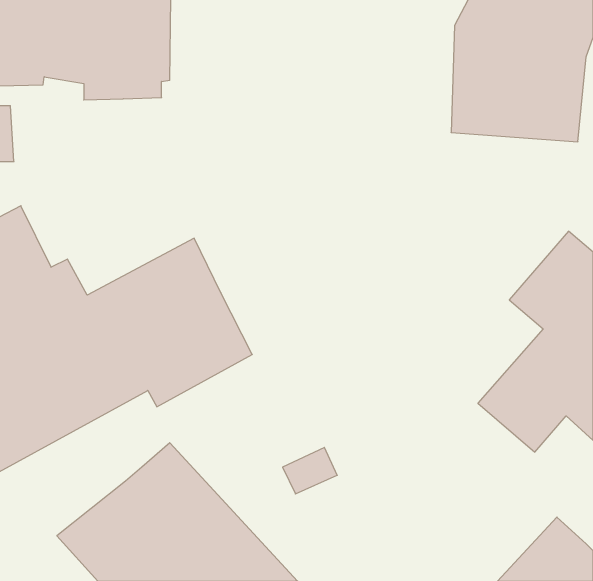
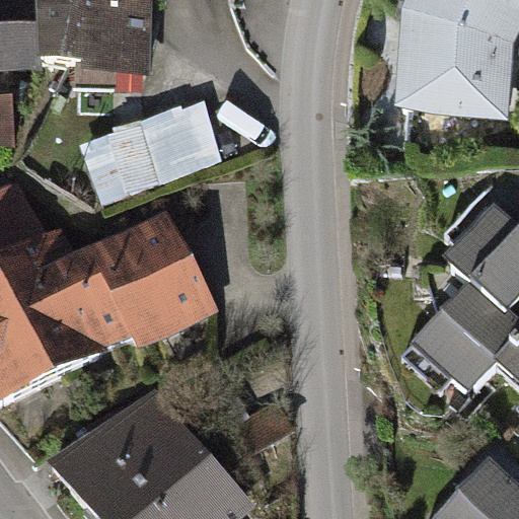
building: none -> [79,99,224,201]

